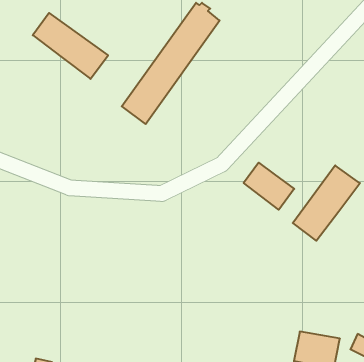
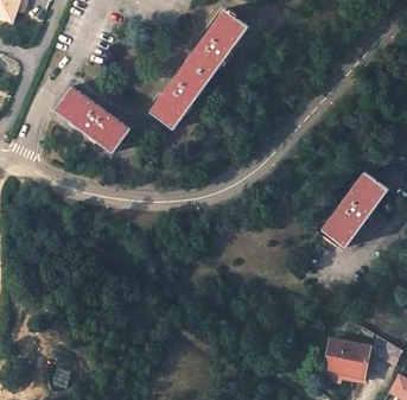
building: [33,13,108,79] -> [53,87,129,153]
building: [244,163,294,210] -> none

